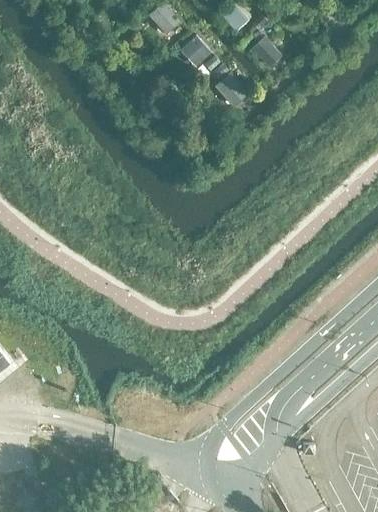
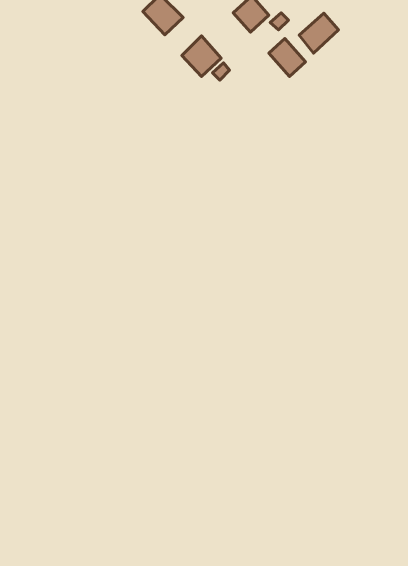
building: none -> [299,13,339,53]
building: [212,64,250,107] -> none

